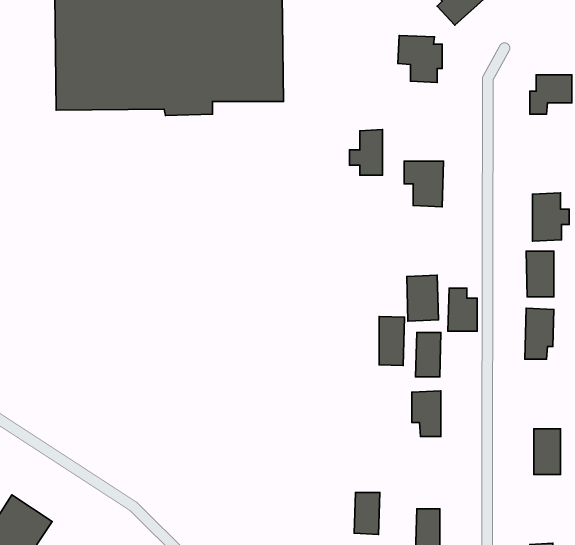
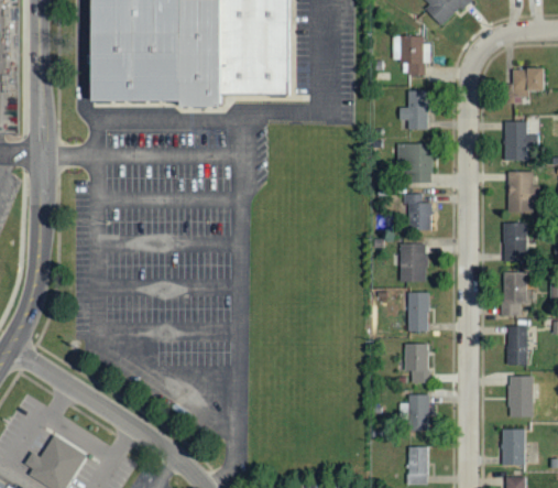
building: [350,130,383,175] -> [400,90,428,130]
building: none -> [504,121,539,161]
building: [448,288,477,331] -> [406,194,431,231]
building: [379,316,404,365] -> none
building: none -> [507,326,528,366]
building: none -> [501,429,526,465]
building: [354,492,380,534] -> [407,394,429,431]

